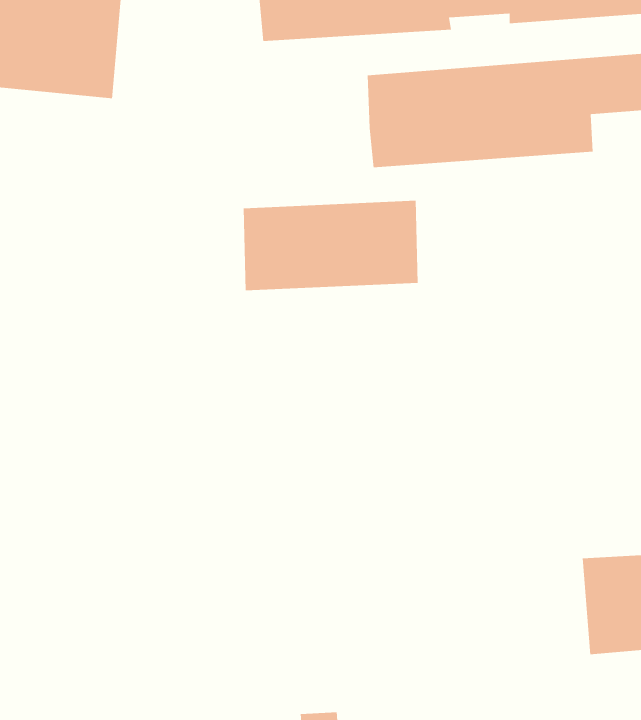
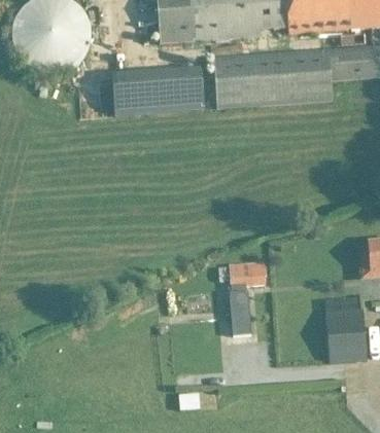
building: [243,200,418,291] -> [112,65,204,112]
building: none -> [229,261,266,334]

